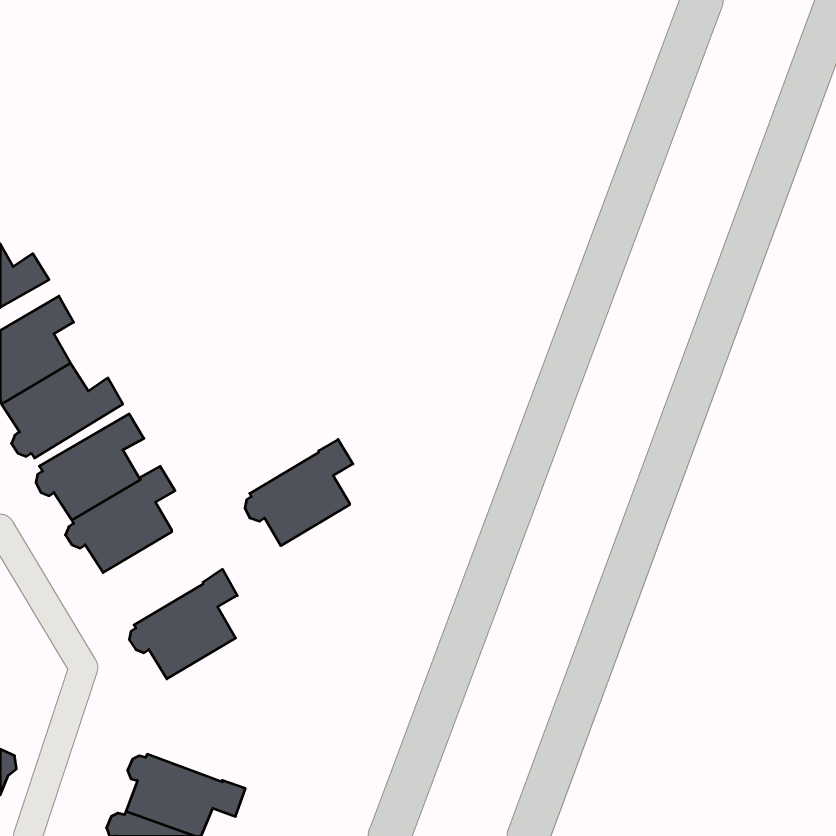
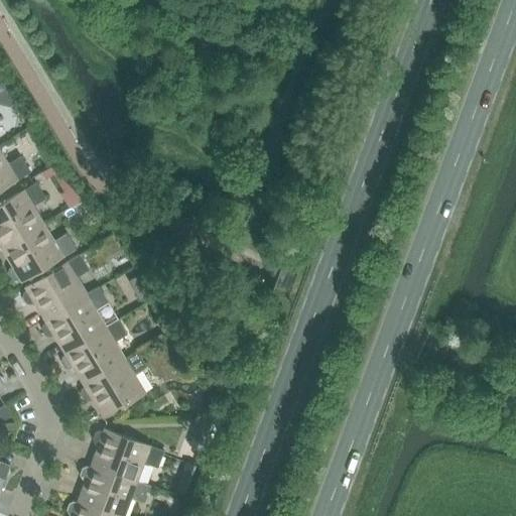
building: [245,439,353,546] -> [60,319,127,385]
building: none -> [91,428,164,482]

